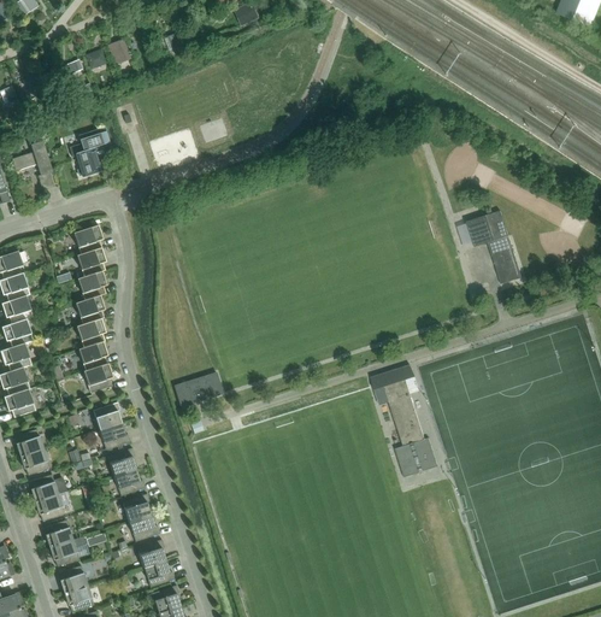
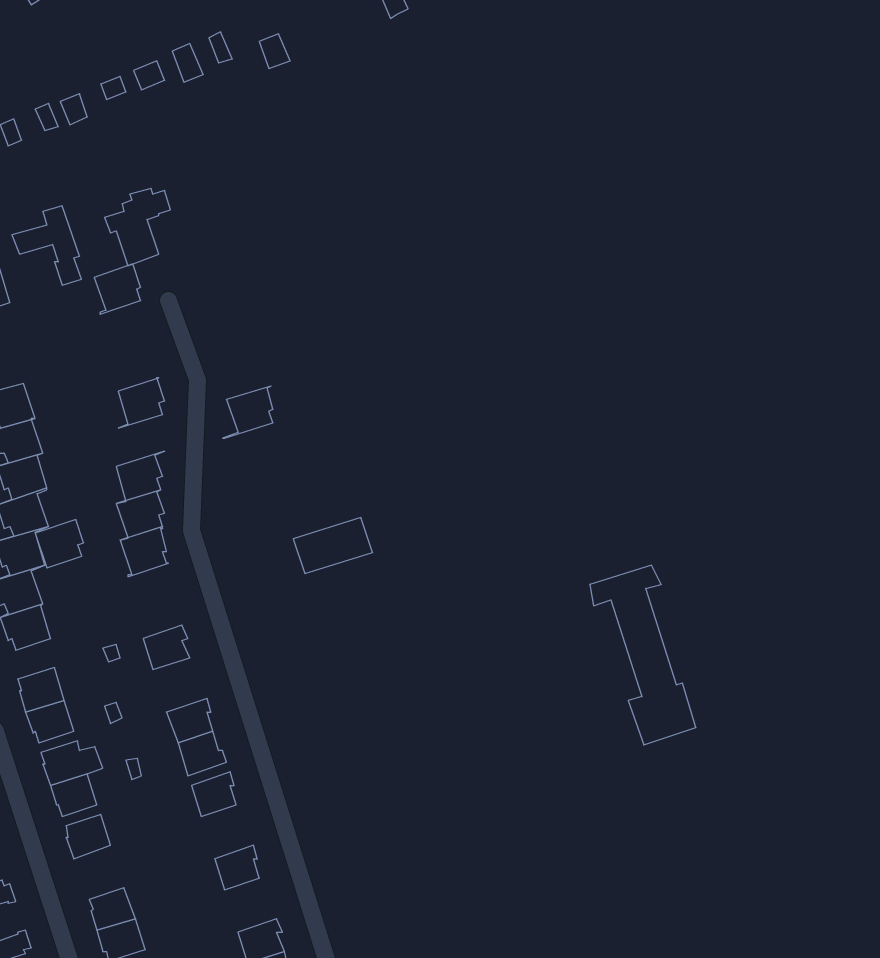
building: [467,211,523,284] -> none
building: [73,225,102,257] -> [94,264,141,314]
building: [75,271,106,304] -> [223,386,273,438]
building: [83,364,113,394] -> [35,520,84,568]
building: [173,372,223,407] -> [293,518,373,574]
building: [99,423,130,451] -> none
building: [129,515,160,542] -> none
building: [49,533,107,566] -> none
building: [143,560,175,588] -> none

